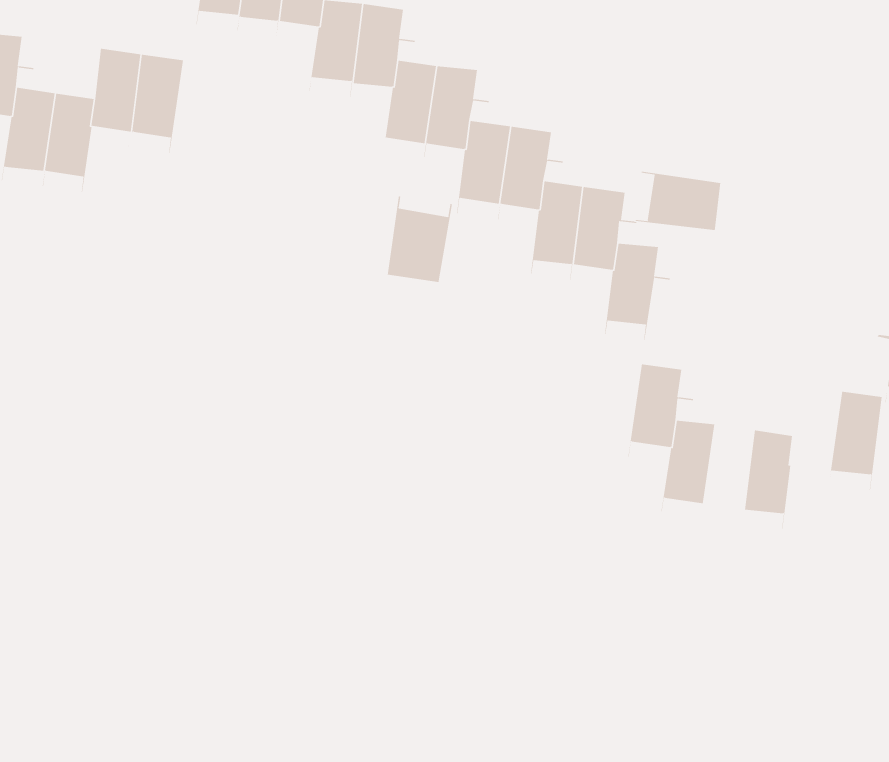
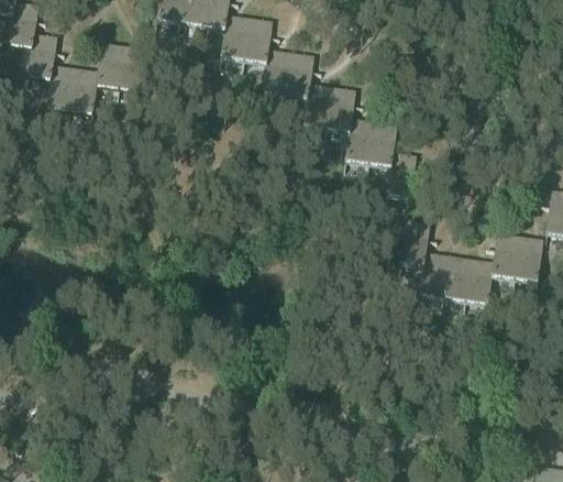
building: [635,171,721,231] -> none
building: [387,196,453,283] -> none
building: none -> [485,232,519,288]
building: none -> [440,254,470,310]

